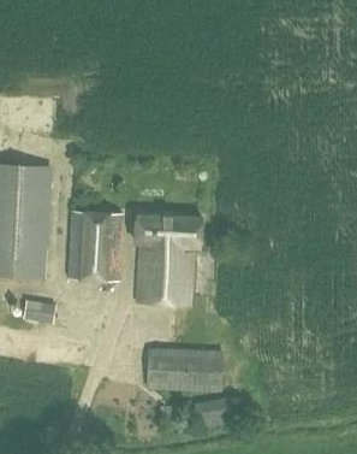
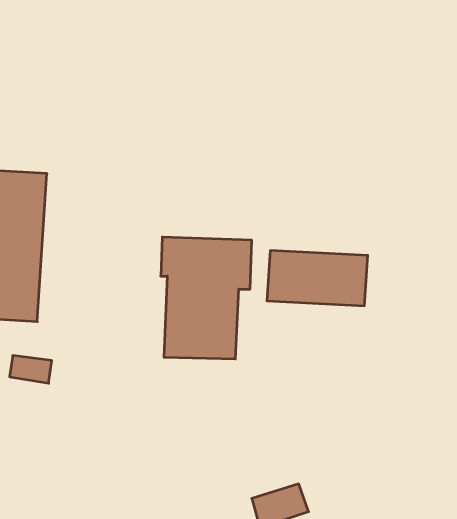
building: [67,210,123,281] -> none
building: [148,349,222,390] -> [267,251,368,306]

